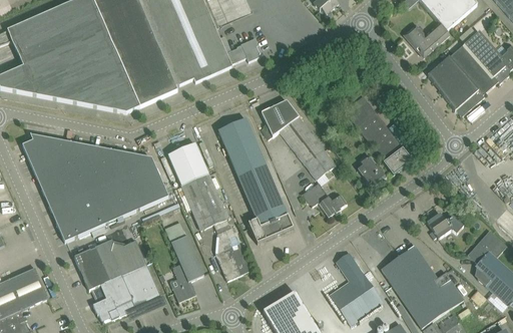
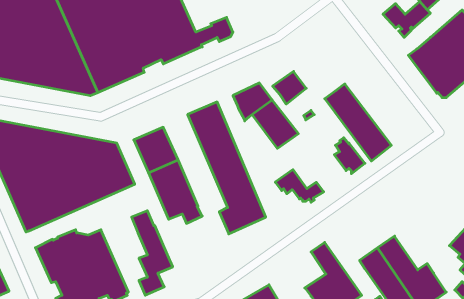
building: [304,147,336,179] -> [273,71,306,104]
building: [427,212,464,237] -> none
building: [215,226,251,280] -> none

